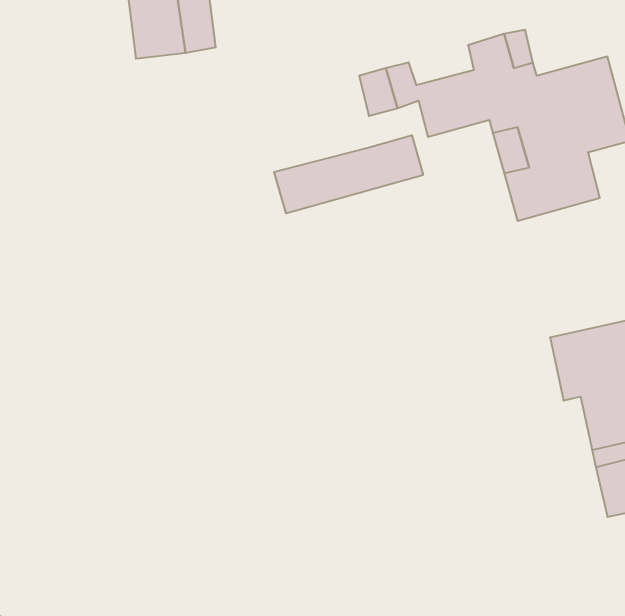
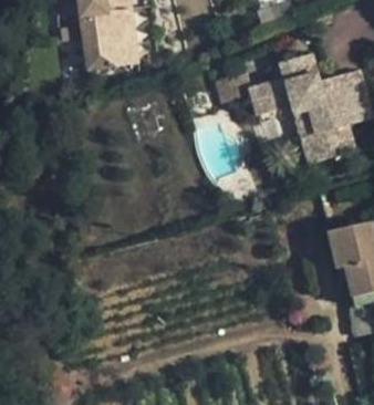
building: [274,135,423,213] -> none

